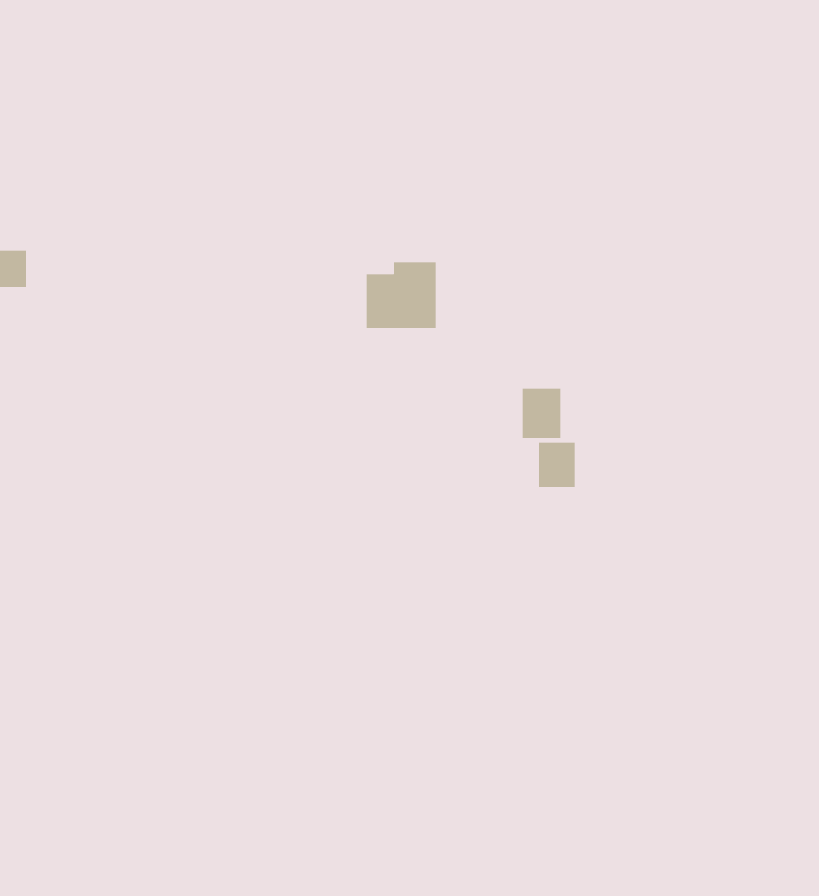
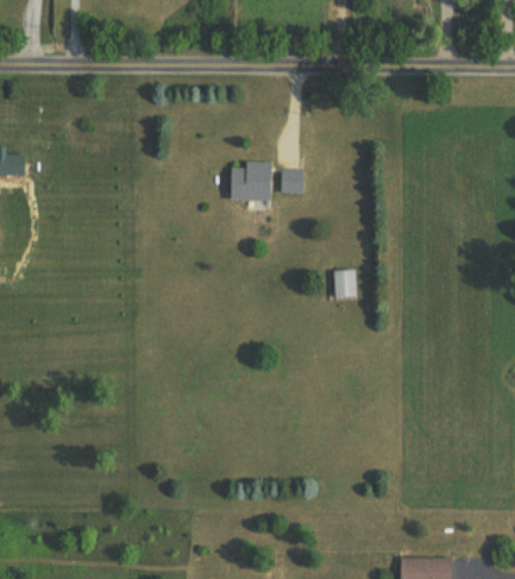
building: none -> [280,169,302,193]
building: [522,388,561,439] -> none

